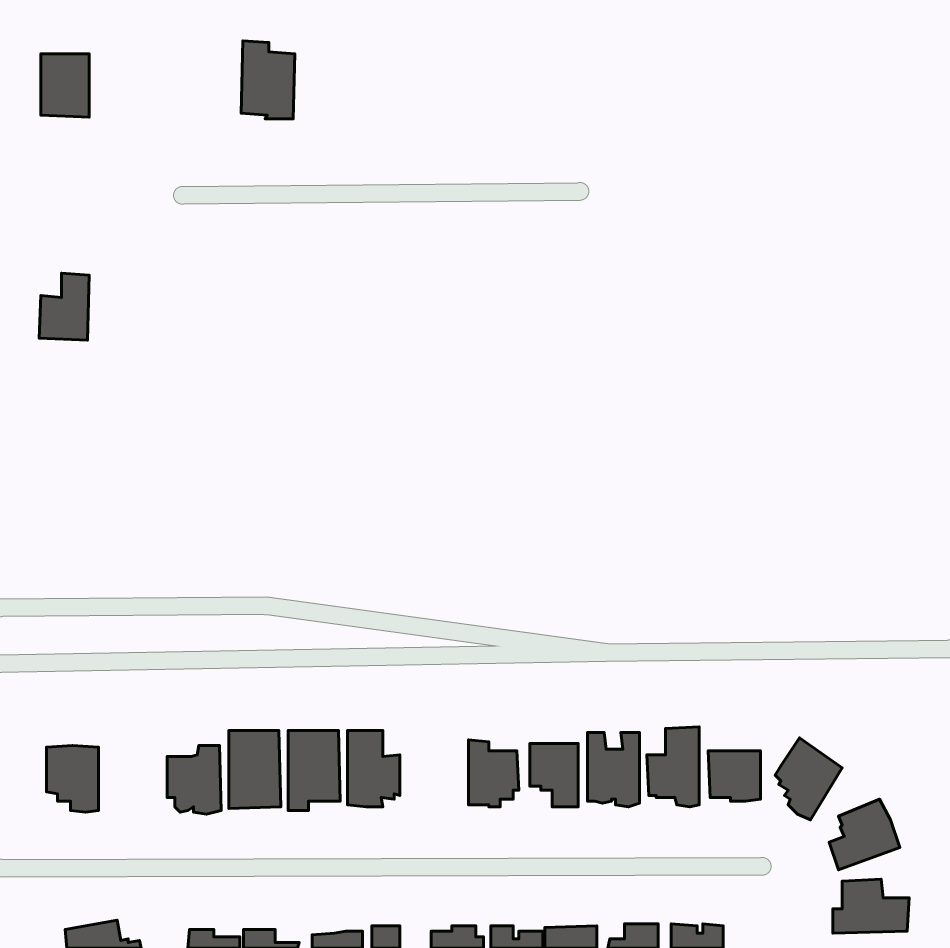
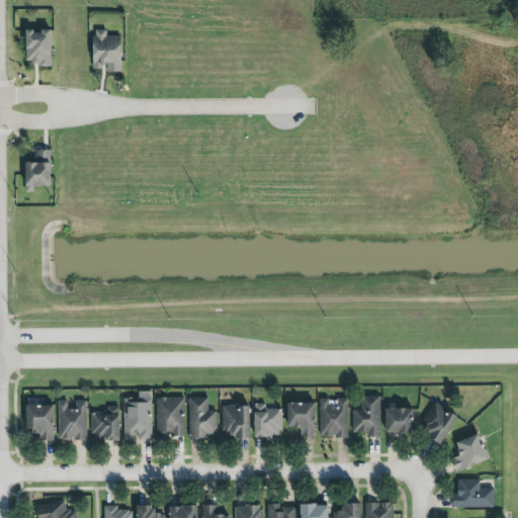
building: [241,41,295,119] -> [90,28,119,71]
building: none -> [59,401,86,441]
building: none -> [222,405,250,441]

